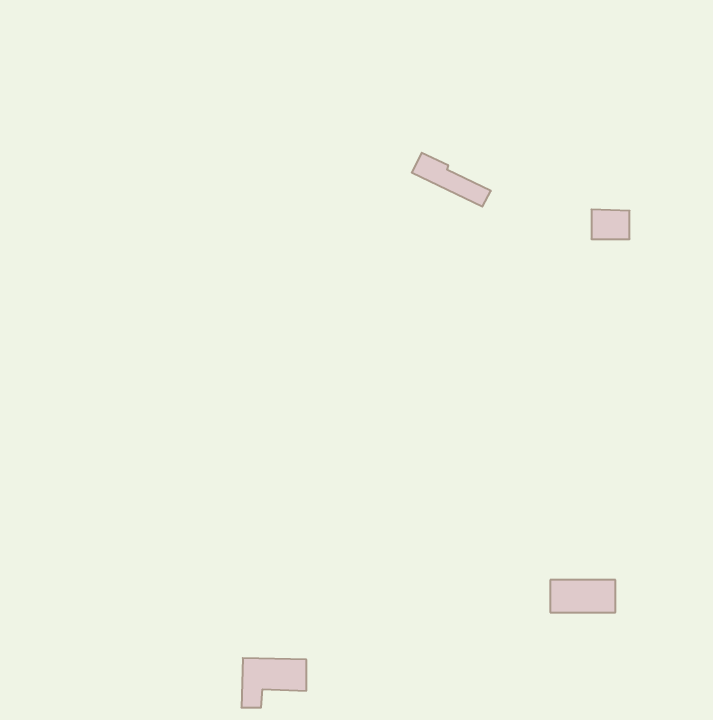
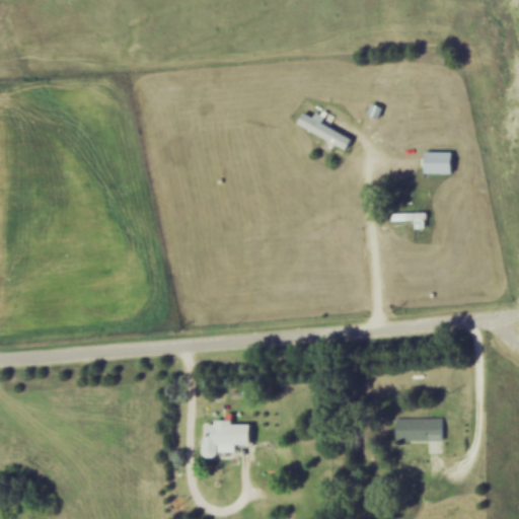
building: none -> [390,213,425,229]
building: [241,658,306,708] -> [203,422,249,457]

